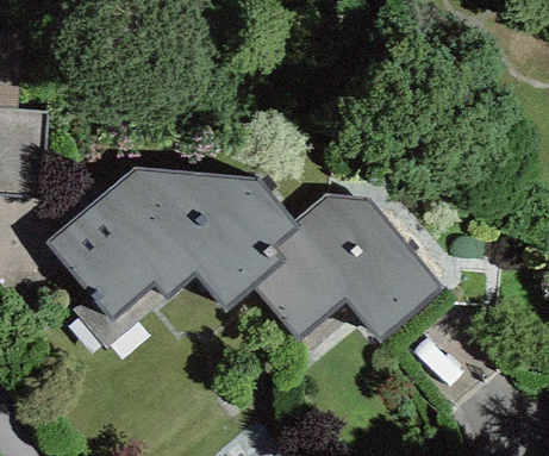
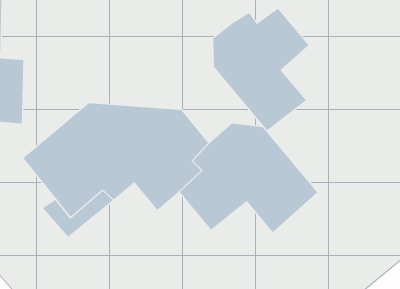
building: none -> [213,8,309,131]

